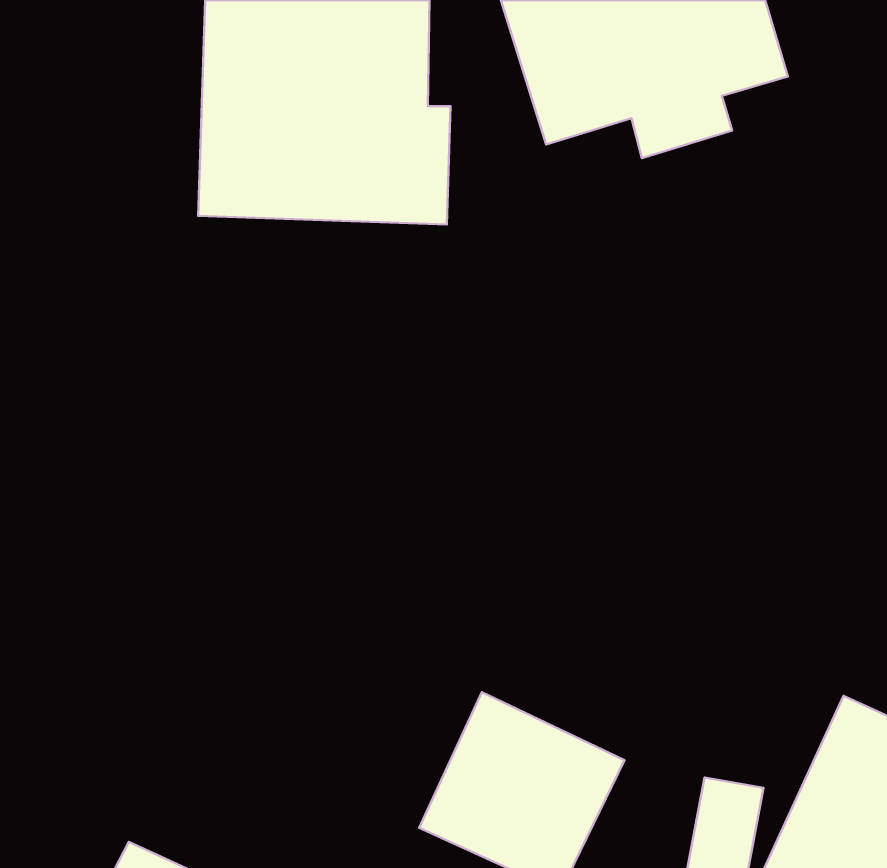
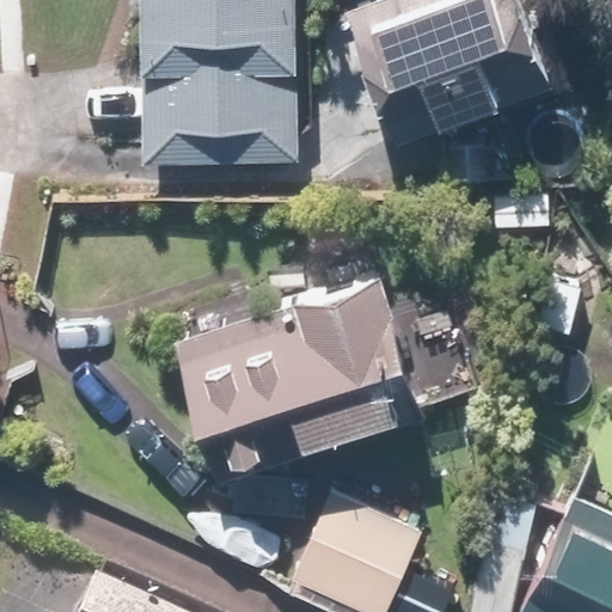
building: none -> [176,270,414,460]

